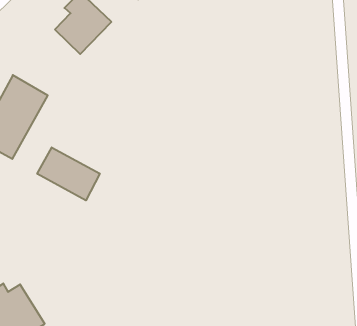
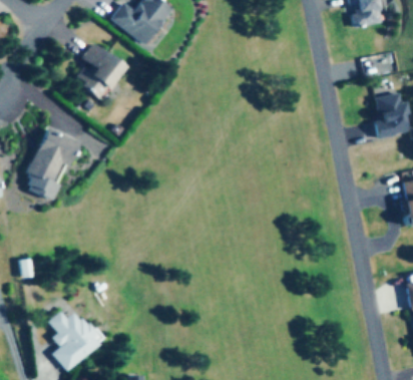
building: [37,147,100,200] -> none

